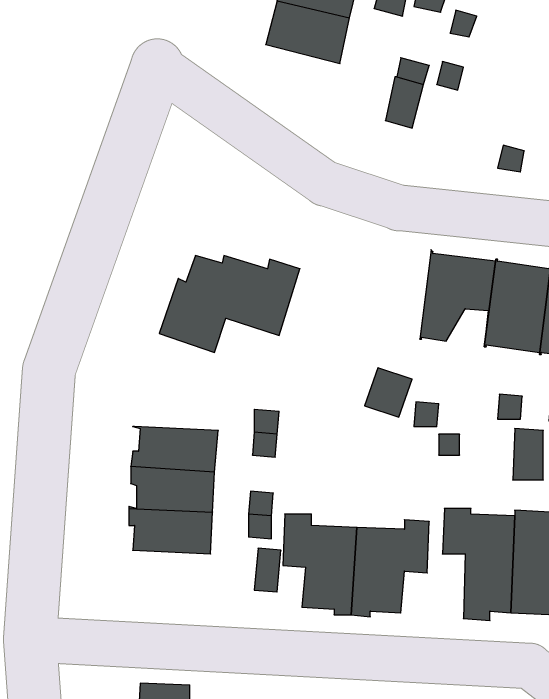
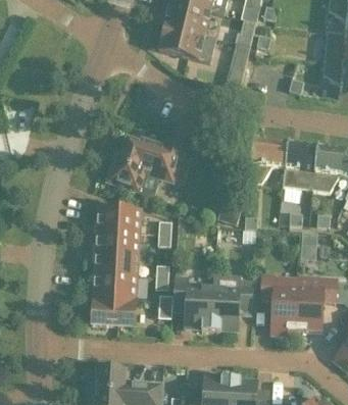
building: none -> [158,24,214,61]
building: none -> [94,207,140,232]
building: none -> [92,296,135,325]

